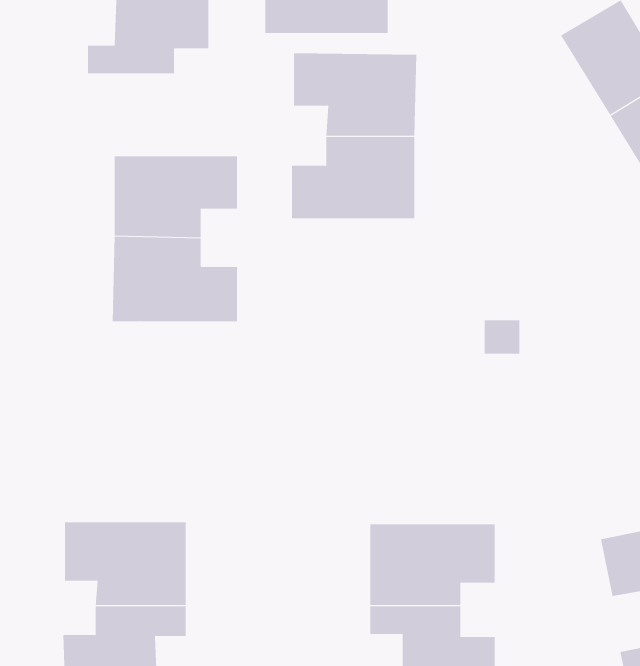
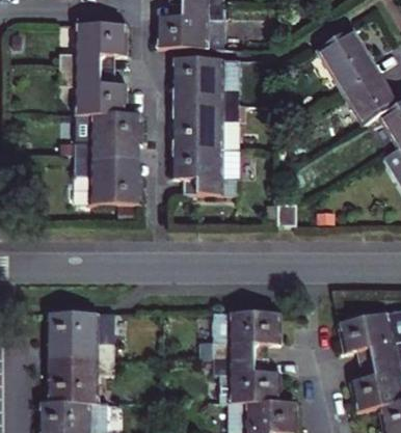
building: none -> [59,69,126,113]
building: none -> [170,147,238,193]

